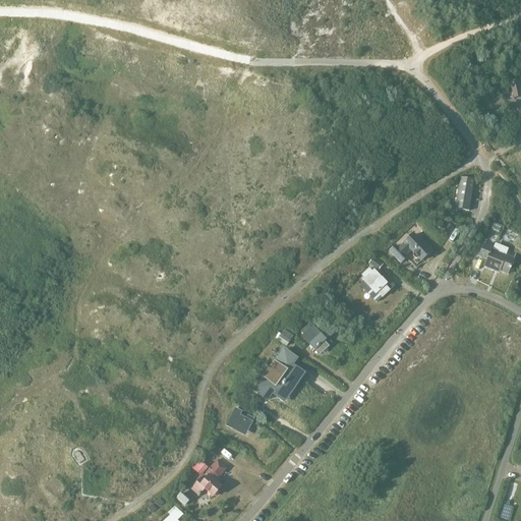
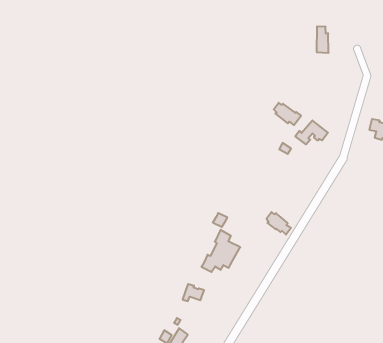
building: [456,176,473,210] -> [317,26,329,53]
building: [362,267,394,296] -> [274,103,301,125]
building: [301,323,329,352] -> [267,212,291,235]

